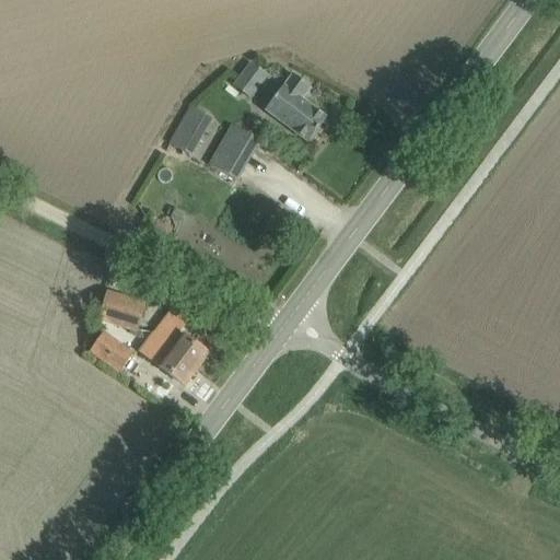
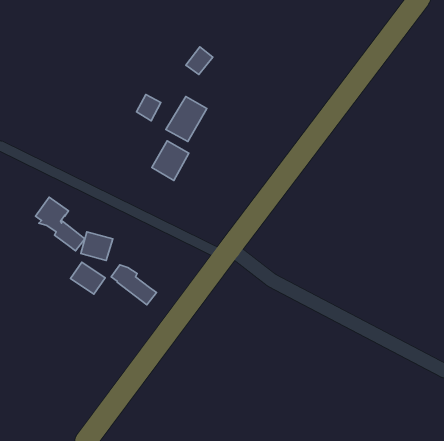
building: [266,71,326,139] -> none
building: none -> [152,141,189,181]
building: [147,301,209,369] -> [35,197,85,251]

